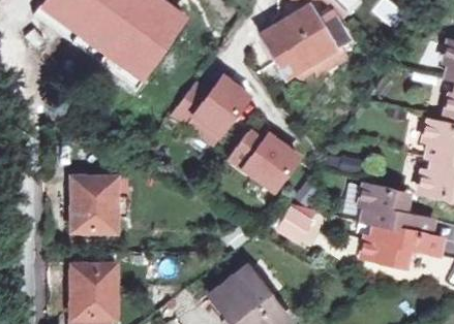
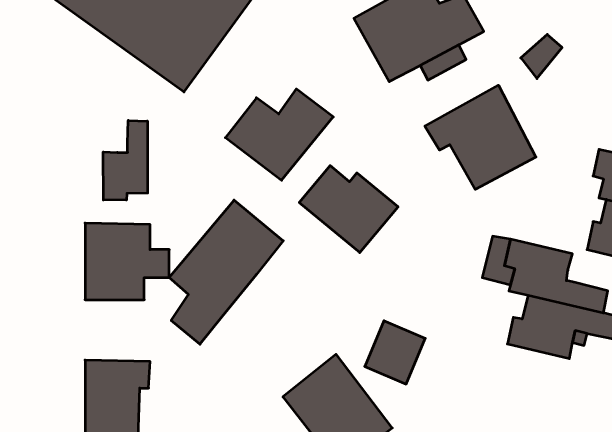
building: none -> [425,85,536,189]
building: none -> [103,120,148,200]
building: none -> [169,200,283,344]
building: [277,198,320,242] -> [365,321,425,384]

